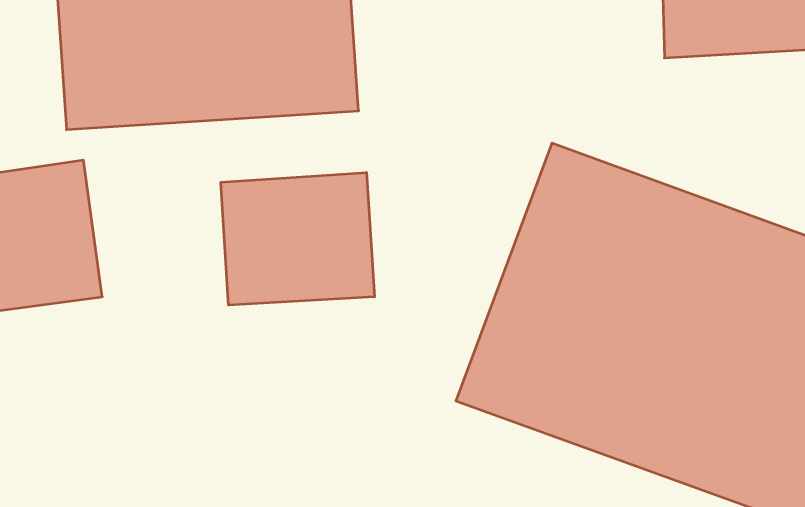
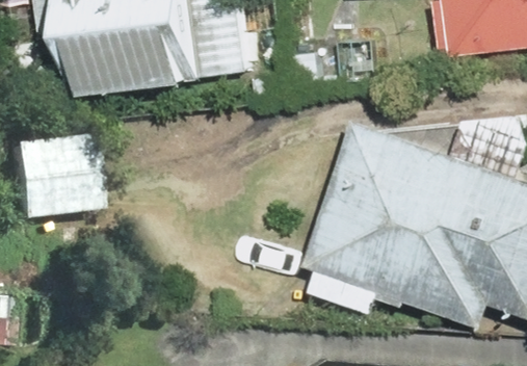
building: [221,172,374,305] -> none

